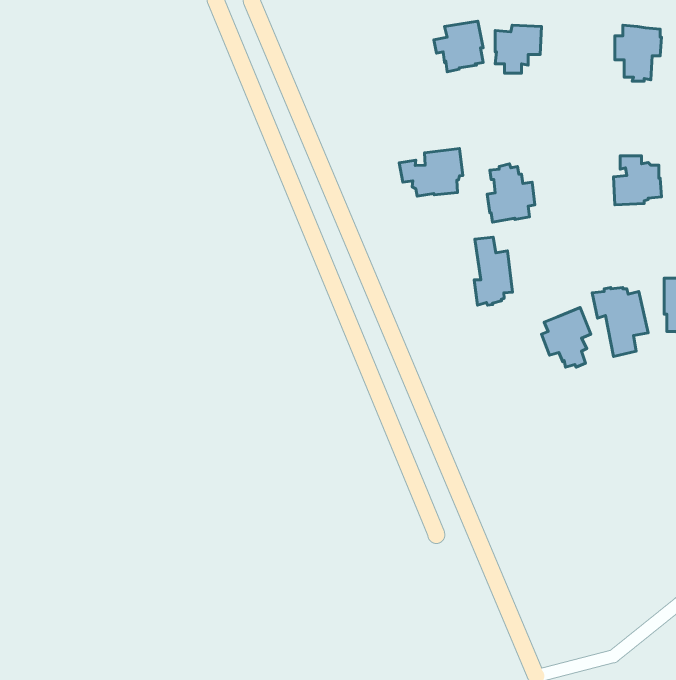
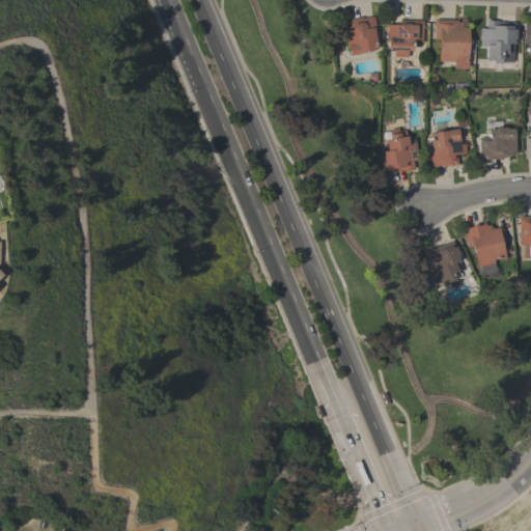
building: none -> [436,19,471,68]
building: [399,149,463,196] -> none
building: none -> [431,129,468,167]
building: [474,237,512,305] -> none

